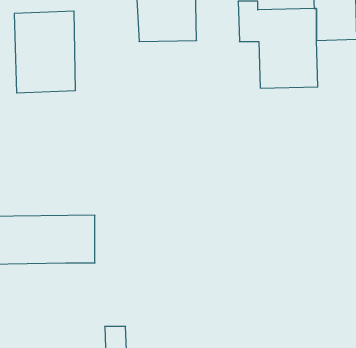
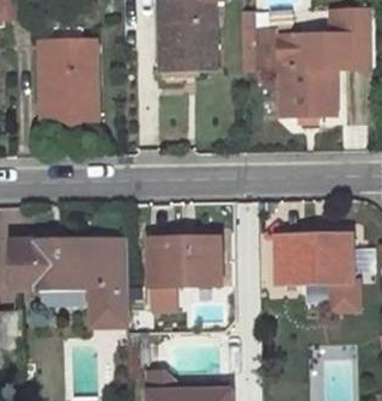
building: none -> [274,235,357,310]
building: none -> [147,237,219,287]
building: none -> [87,239,126,326]

